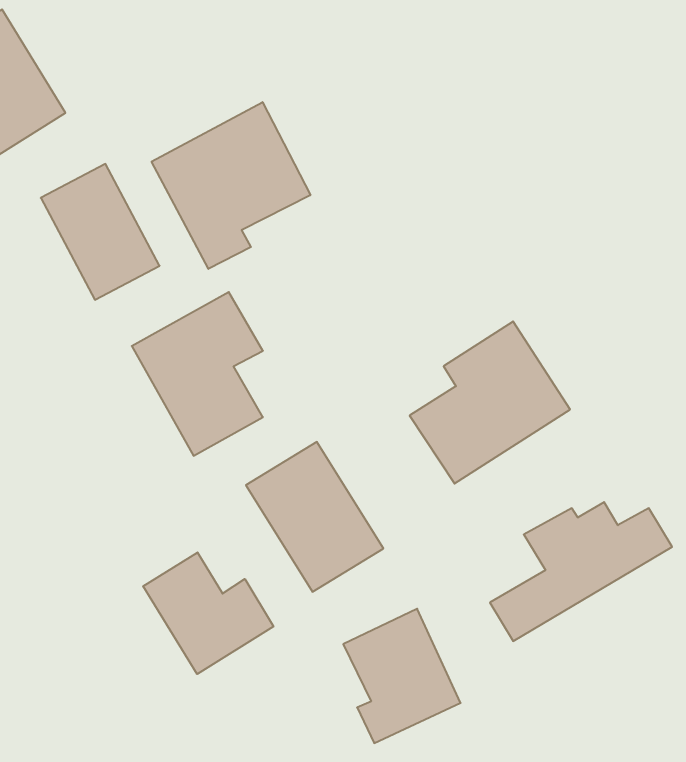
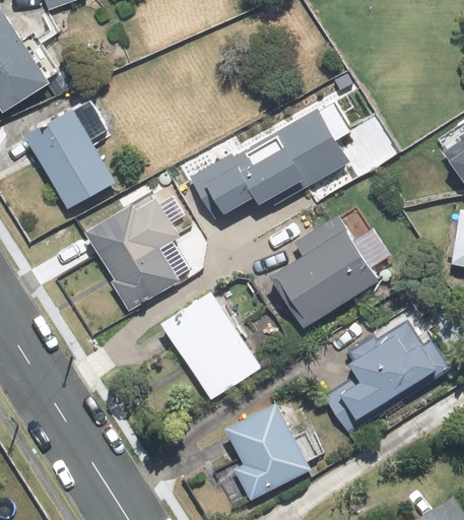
building: [152,102,310,269] -> none
building: none -> [192,114,345,220]
building: [143,552,273,674] -> none

